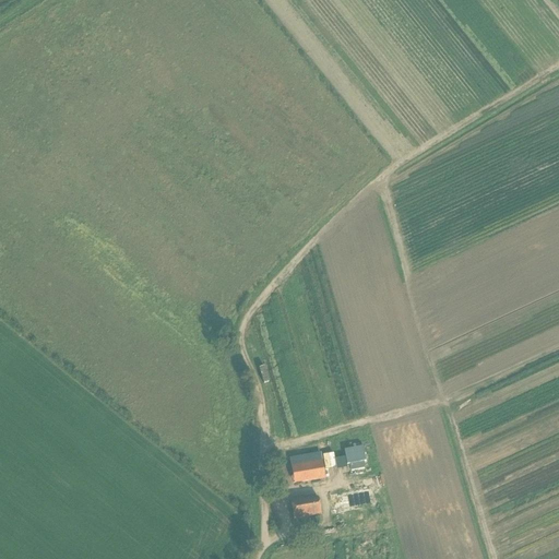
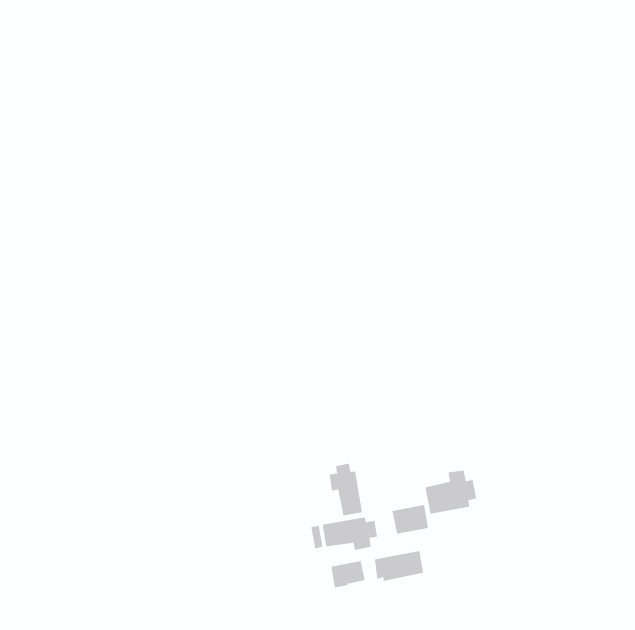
building: none -> [329,463,363,516]
building: none -> [425,470,477,514]

